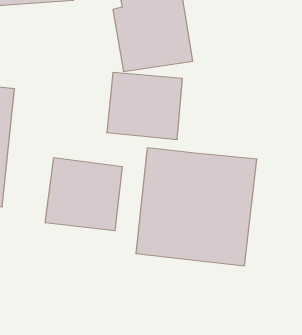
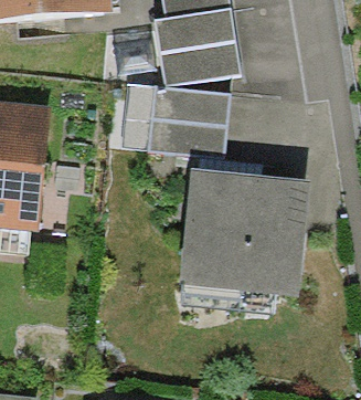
building: [45,158,122,231] -> none

